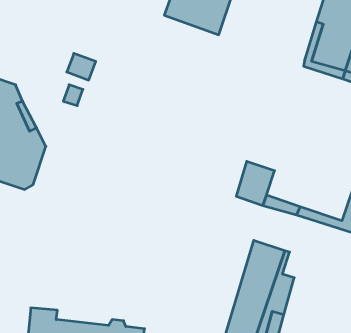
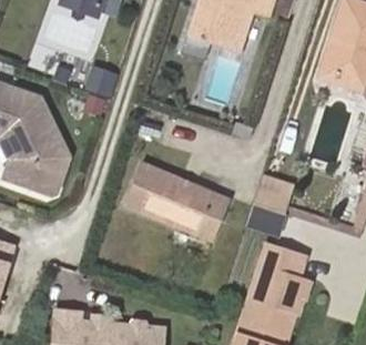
building: none -> [123,163,226,240]

